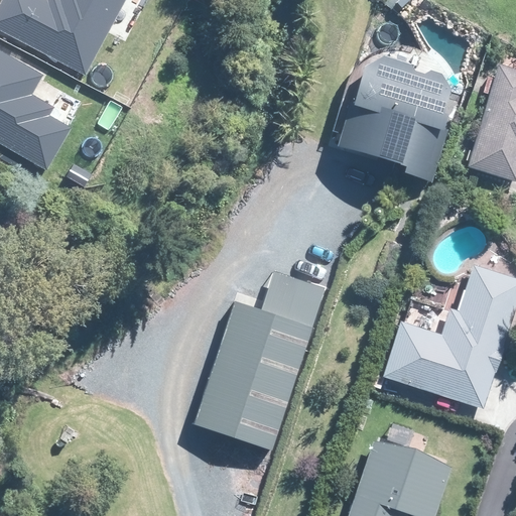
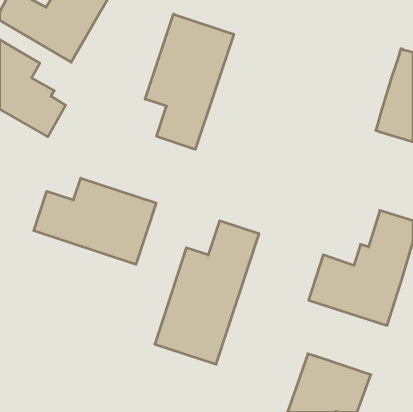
building: none -> [145,14,234,149]
building: [337,63,450,183] -> none
building: none -> [34,178,156,264]

